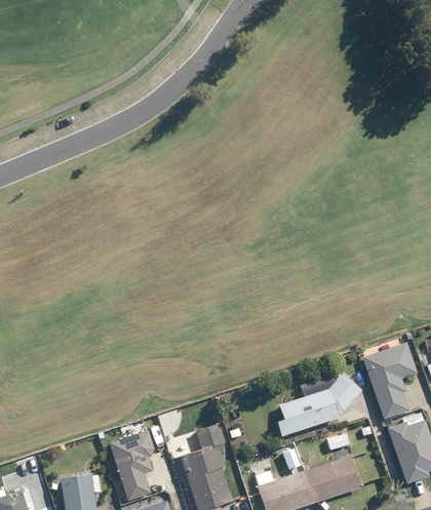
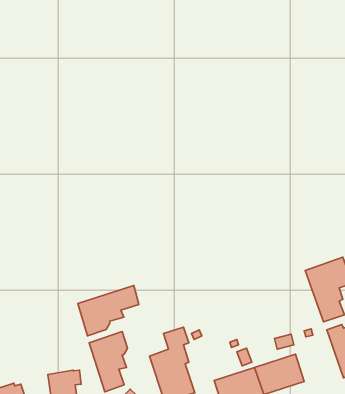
building: [276,372,361,435] -> none
building: none -> [78,286,139,336]

